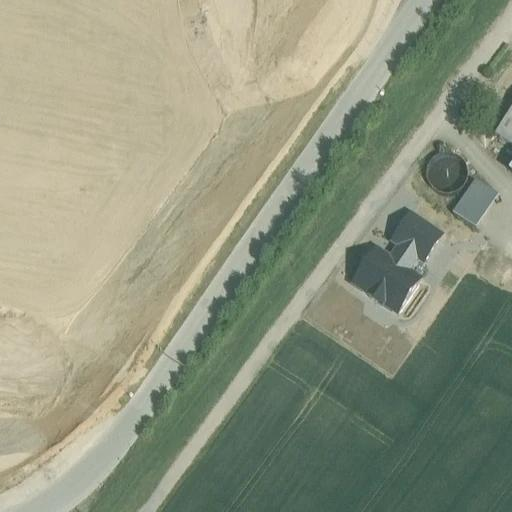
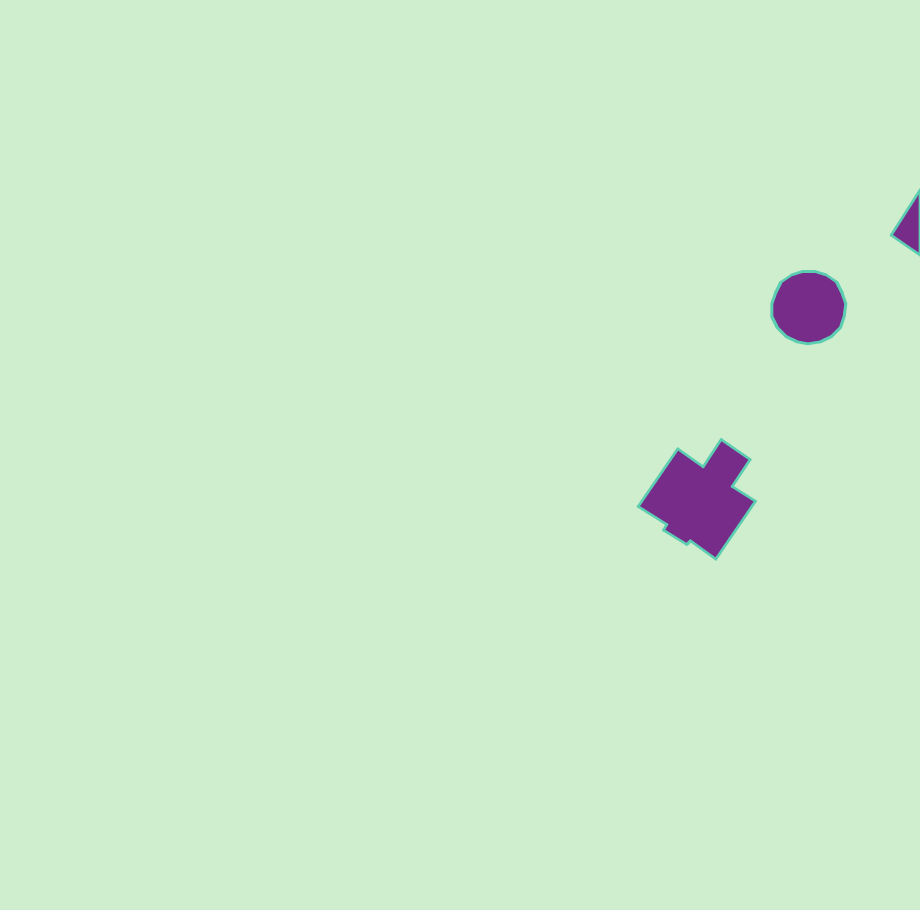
building: [451,177,497,226] -> none
building: [392,213,439,259] -> none

